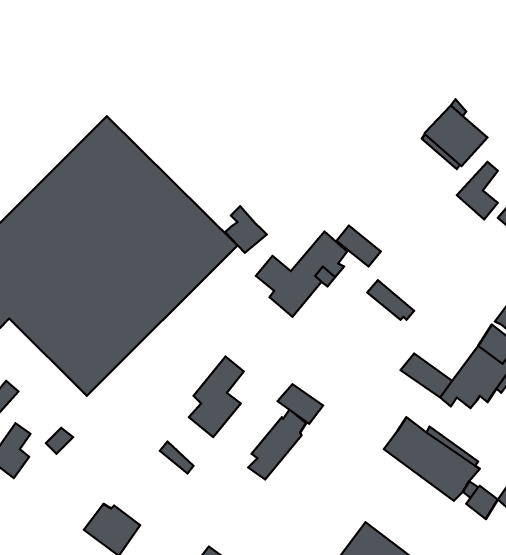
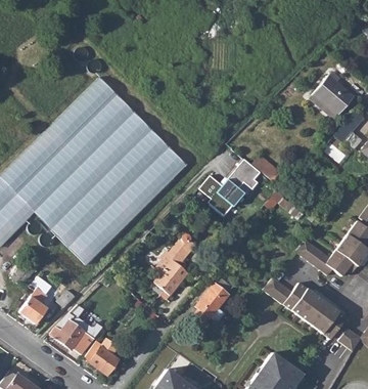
building: [225,206,267,253] -> none
building: [277,384,323,424] -> [264,276,294,303]
building: none -> [51,311,94,349]

